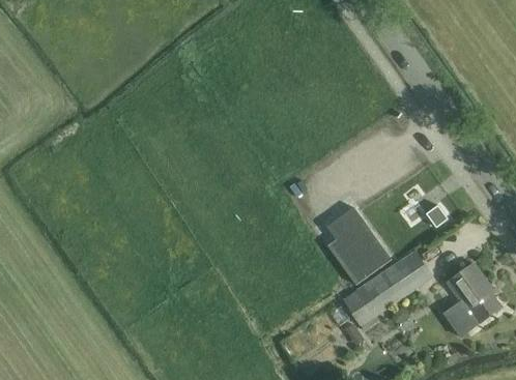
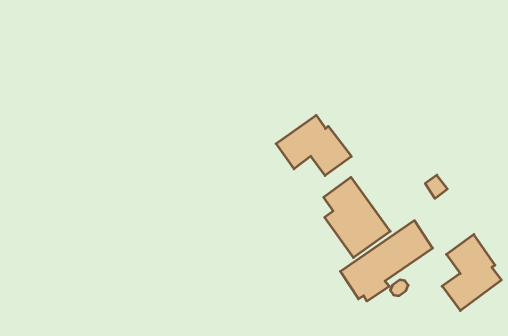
building: none -> [276,115,351,176]

